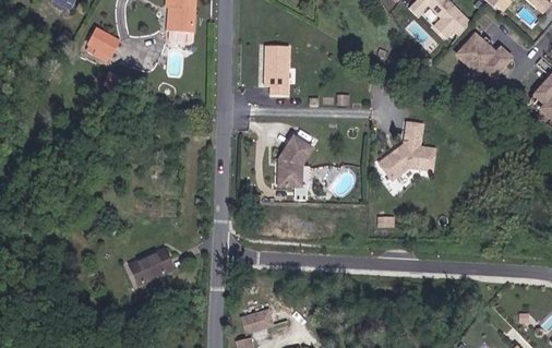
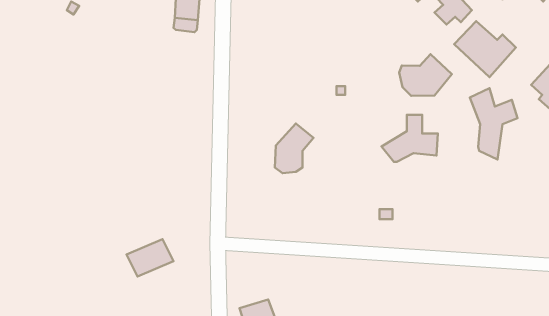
building: [92,27,123,57] -> none
building: [260,41,285,92] -> none
building: none -> [399,54,452,96]
building: none -> [470,88,518,160]

